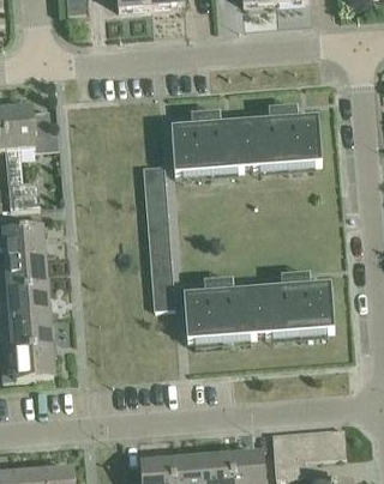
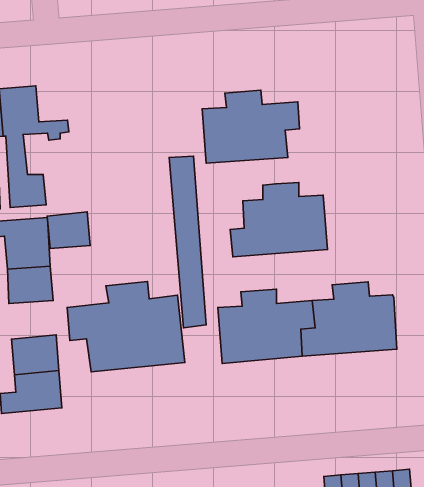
building: [240,104,322,167] -> [230,182,327,257]
building: none -> [47,212,90,249]
building: none -> [67,281,185,372]
building: [8,286,48,319] -> none

